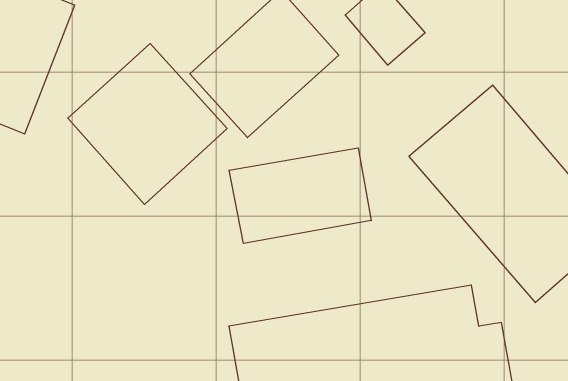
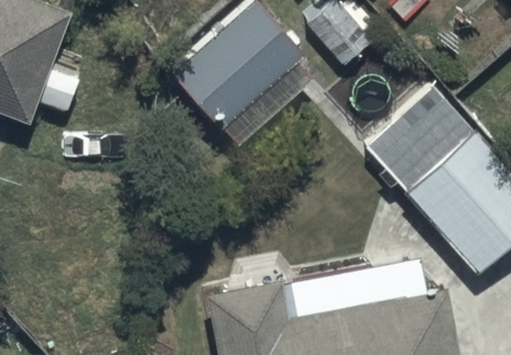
building: [68,44,227,204] -> none
building: [229,148,371,243] -> none

